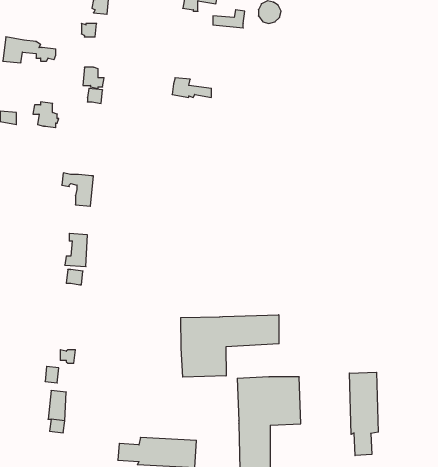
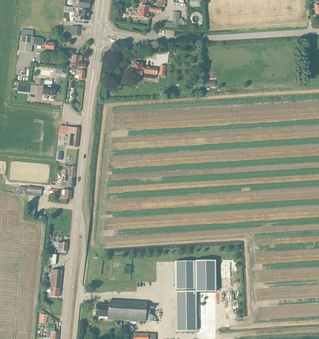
building: [181,315,279,377] -> none
building: [349,372,378,456] -> none

